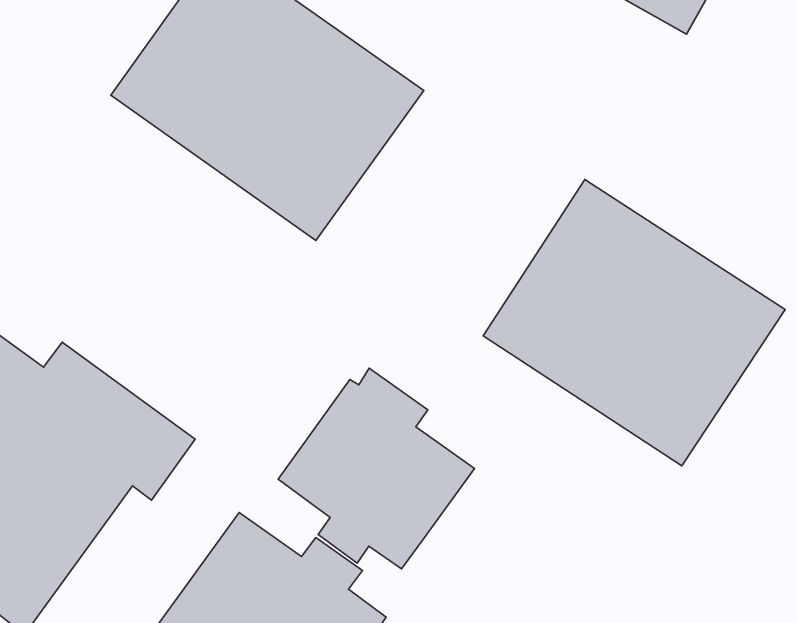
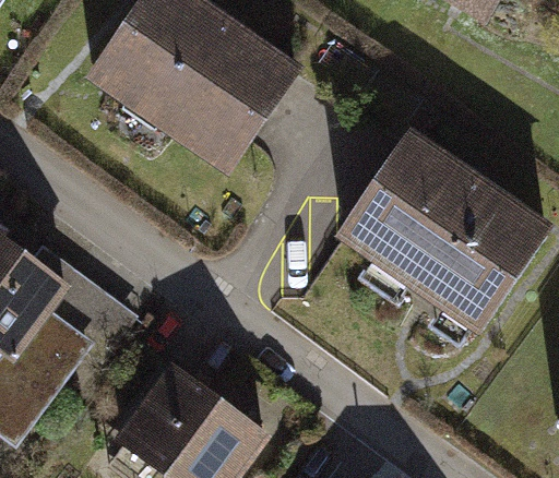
building: [278,368,474,569] -> none

